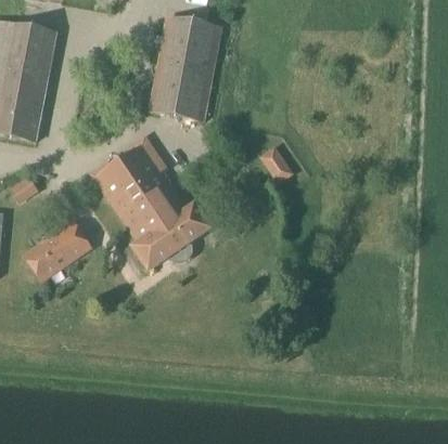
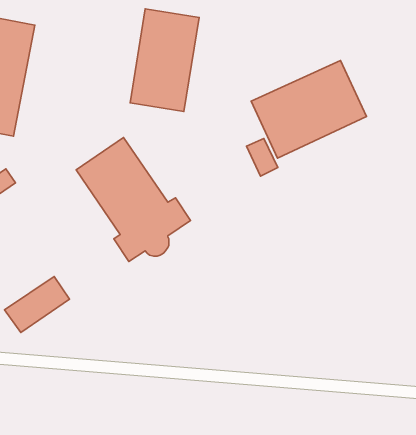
building: none -> [251,60,367,158]
building: [26,223,91,279] -> [5,276,69,333]

